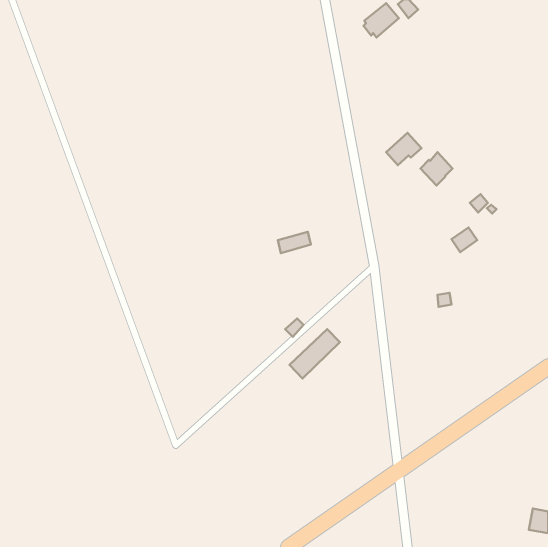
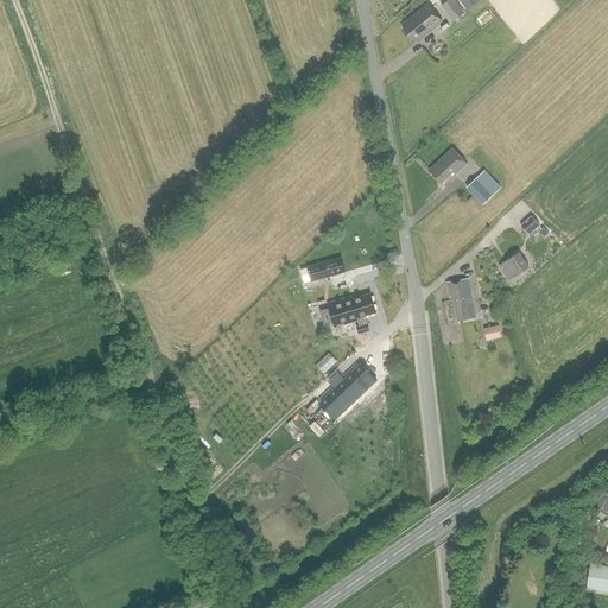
building: none -> [446,278,476,319]
building: none -> [321,292,376,332]

